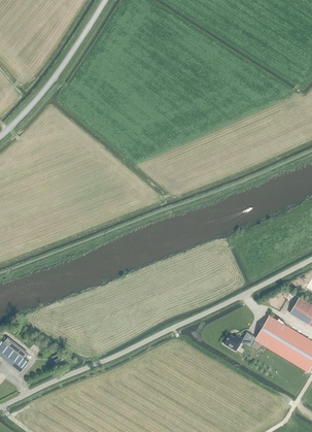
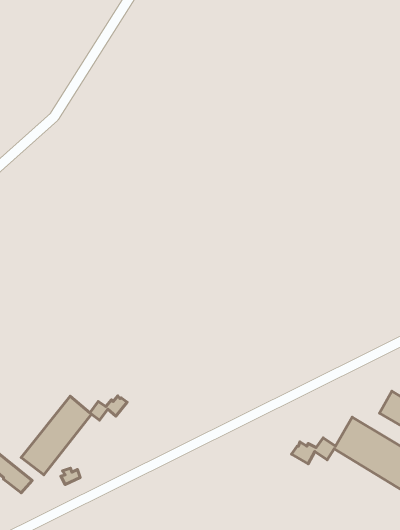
building: none -> [21,396,127,475]

